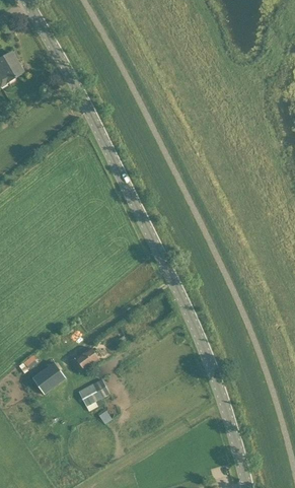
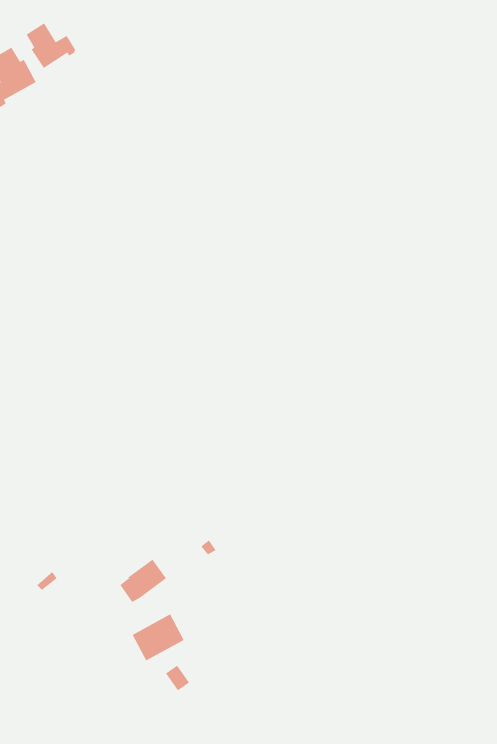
building: none -> [26,22,77,69]
building: [31,361,66,394] -> none

